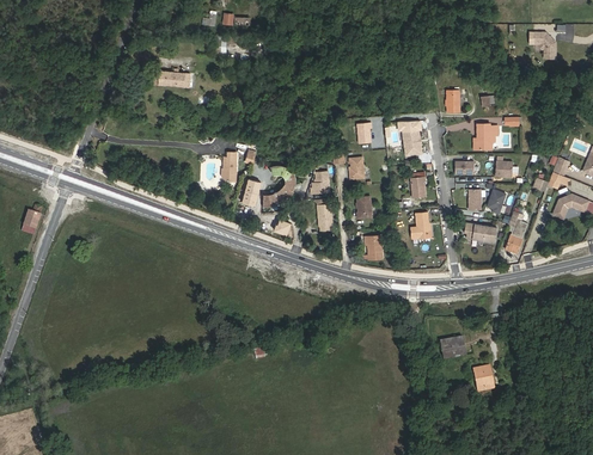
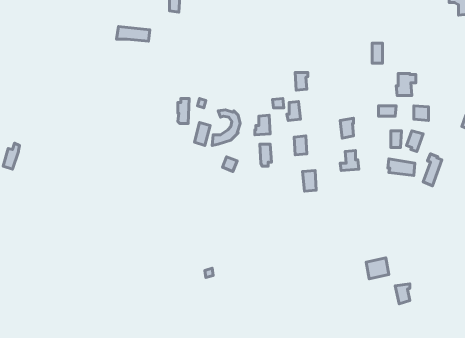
building: [398,121,422,155] -> none

